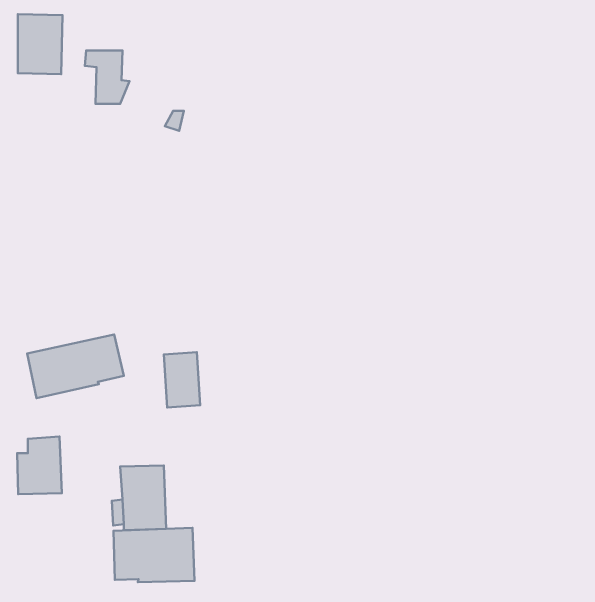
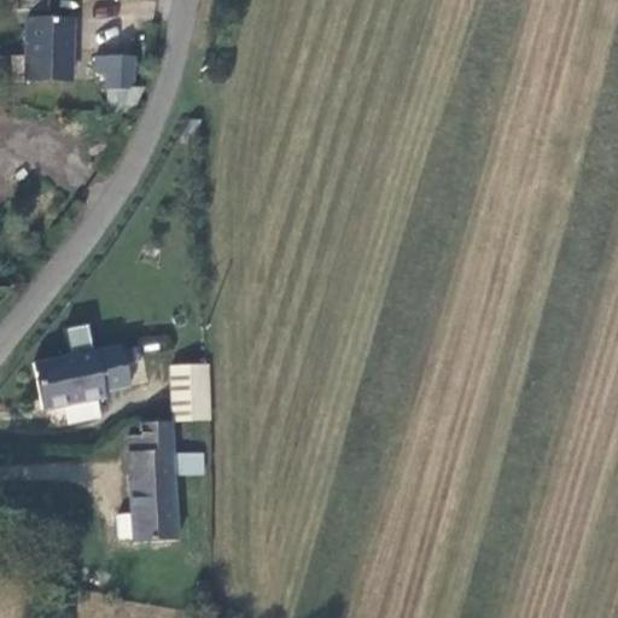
building: [17,437,62,494] -> [129,419,175,478]
building: [113,528,195,582] -> none

